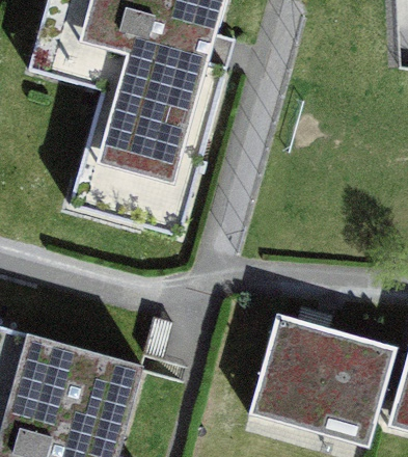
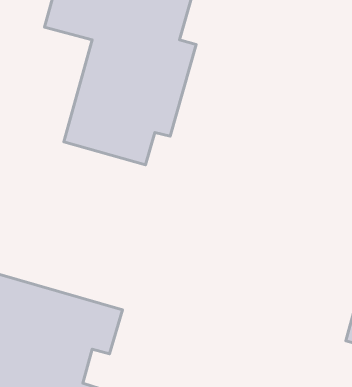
building: [248,315,396,431] -> none

